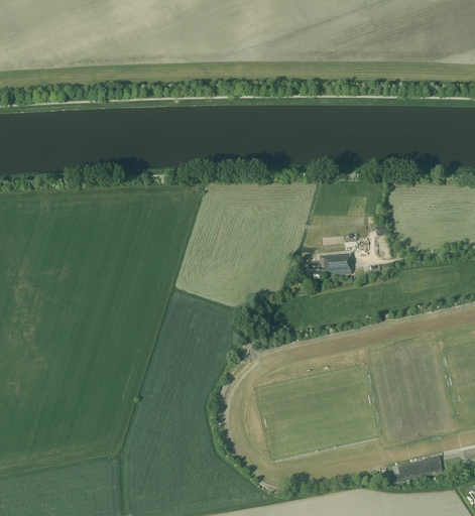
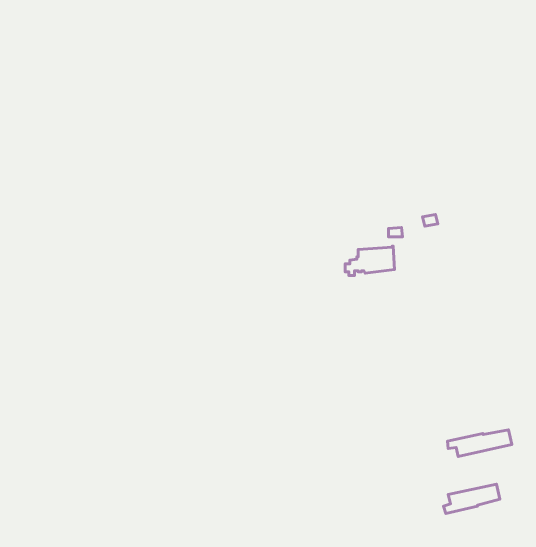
building: none -> [447,430,512,456]

